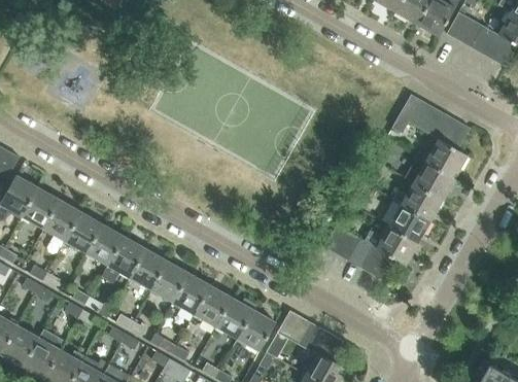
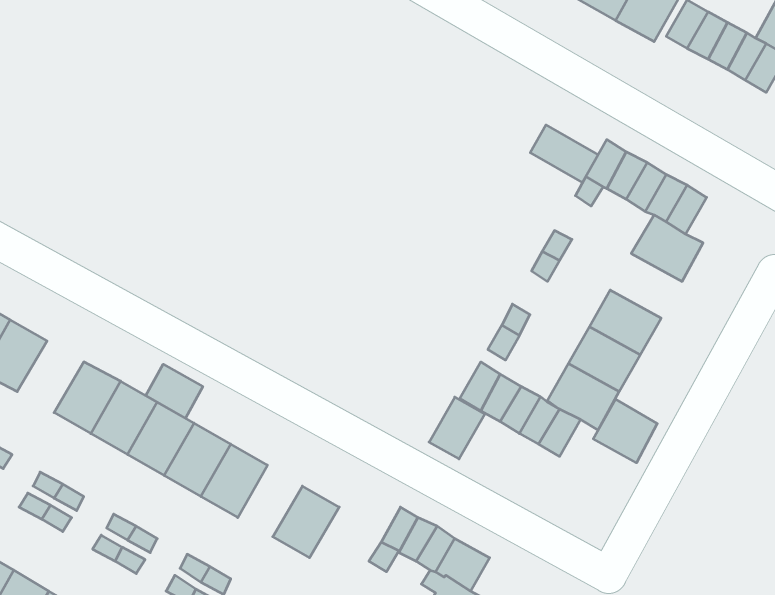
building: none -> [530,125,598,182]
building: [413,161,455,199] -> none
building: [64,212,103,254] -> none
building: none -> [146,364,203,418]
building: none -> [429,397,485,459]
building: none -> [593,399,657,463]
building: [194,285,232,327] -> none
building: [236,310,276,353] -> none

